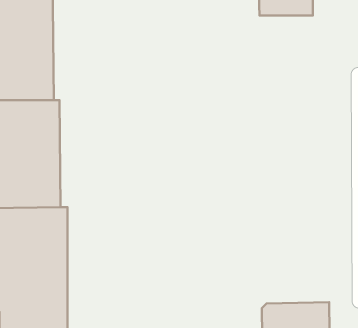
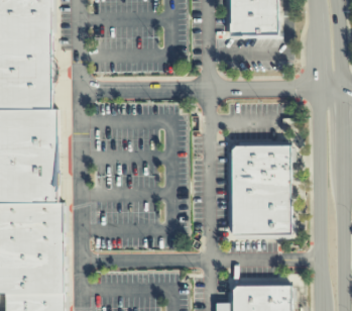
building: none -> [232,144,289,231]

